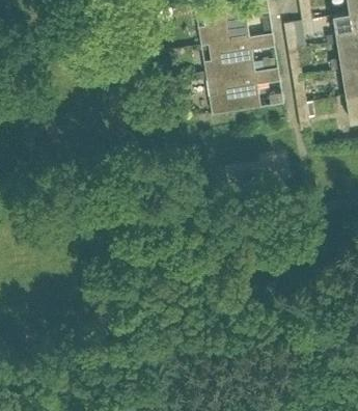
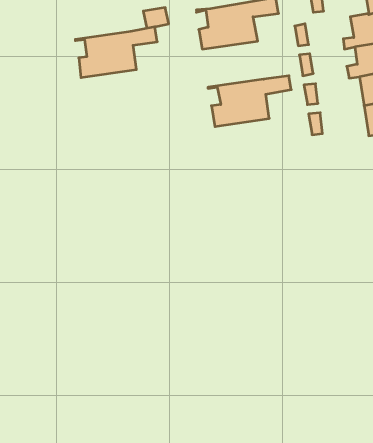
building: [201,34,275,80] -> [75,27,157,78]

